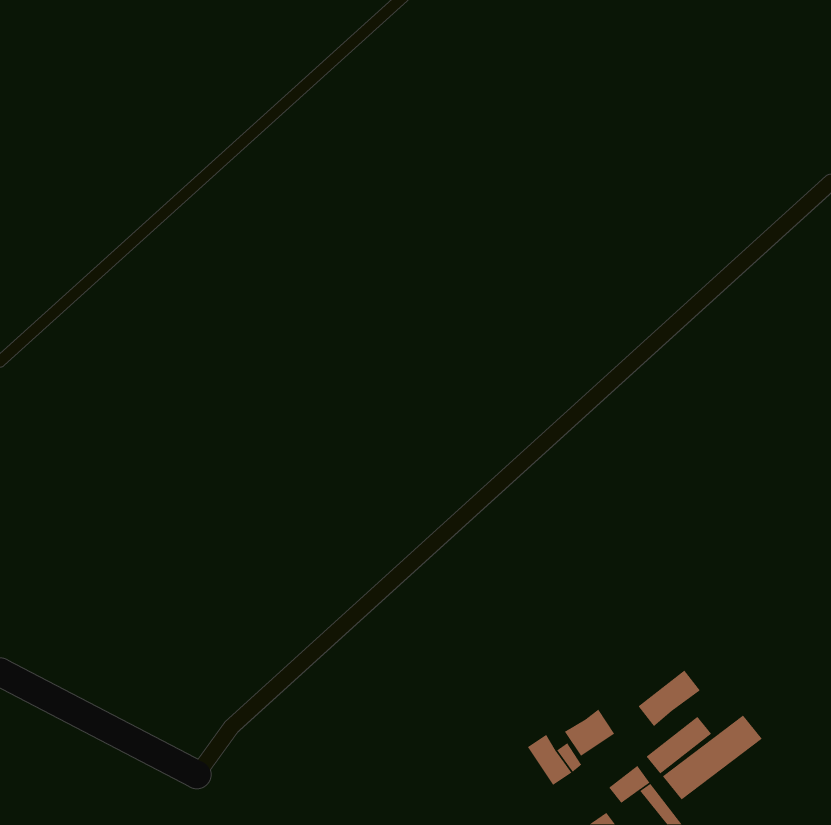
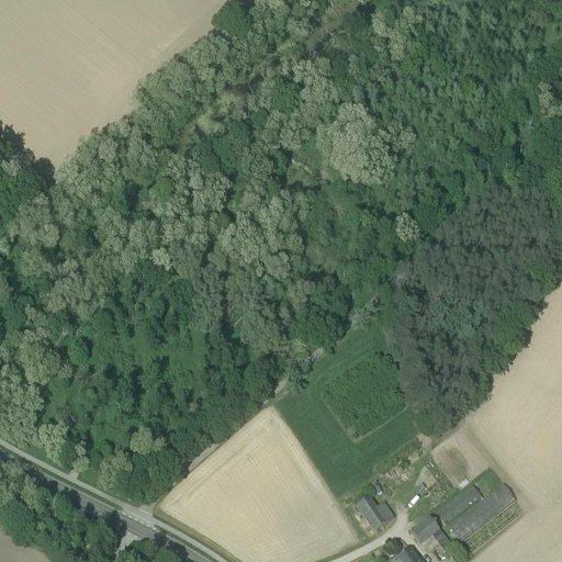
building: [637,669,701,727] -> none
building: [564,709,615,757] -> none

